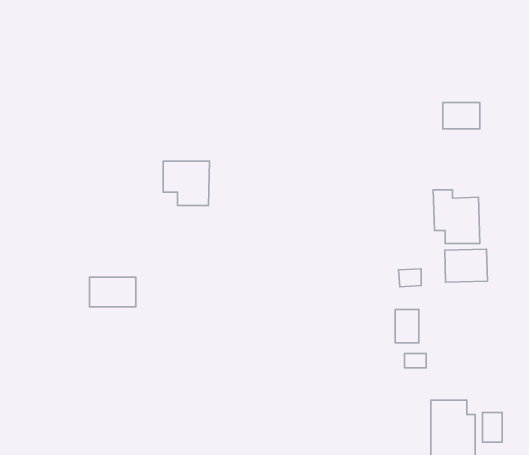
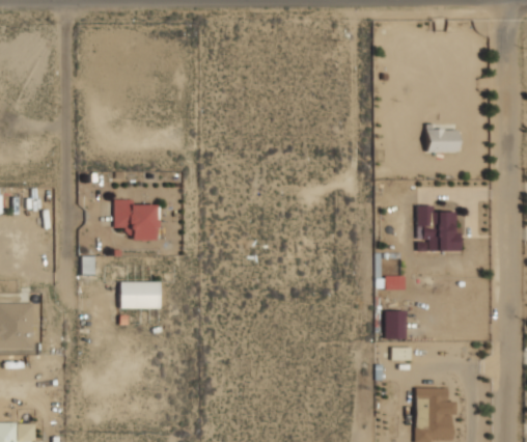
building: [163,161,210,205] -> [115,200,156,239]
building: [445,249,487,282] -> none
building: [482,412,502,442] -> none

